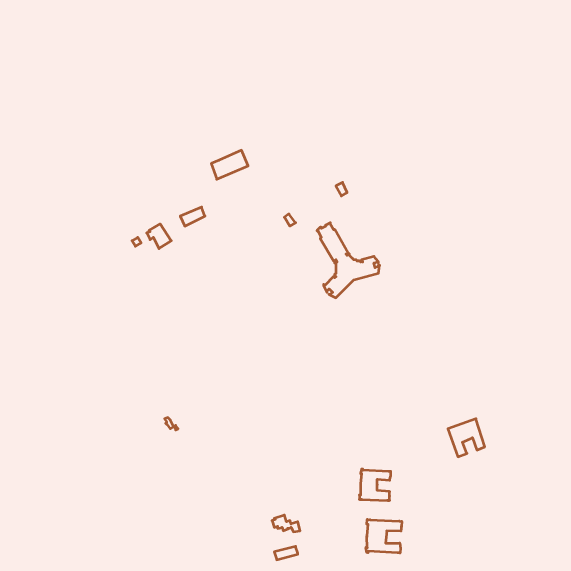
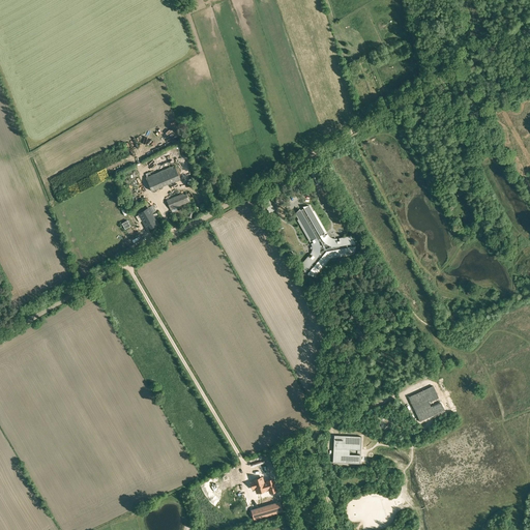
building: [211,150,248,179] -> [147,164,181,190]
building: [366,519,402,553] -> none

